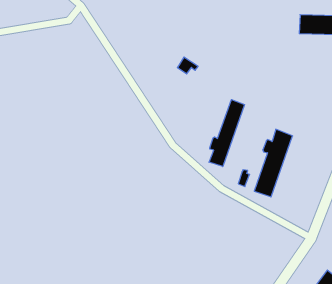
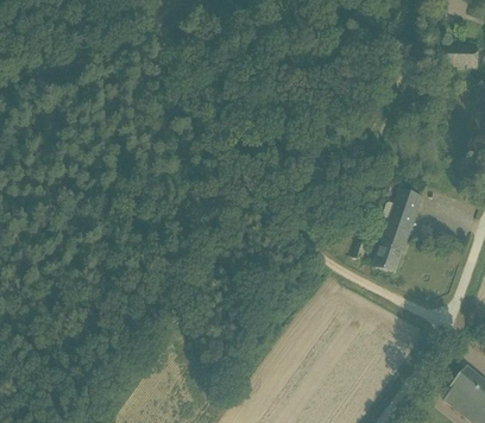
building: [209,100,245,167] -> none

